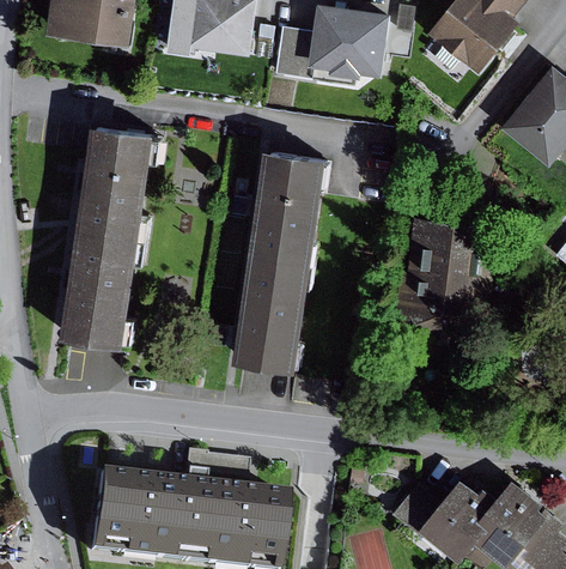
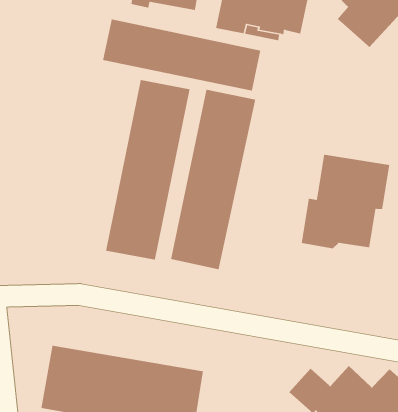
building: none -> [102,18,261,92]
building: [62,122,156,344] -> [105,79,191,261]

